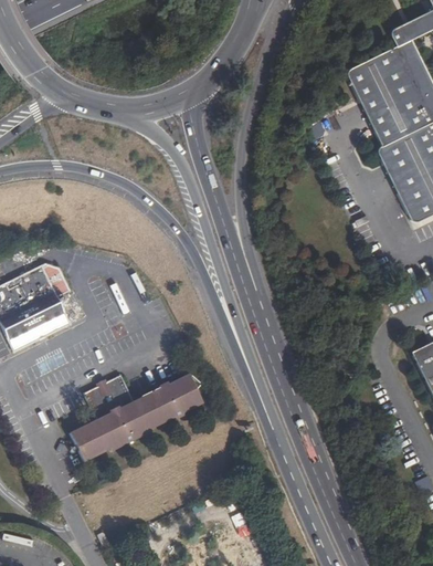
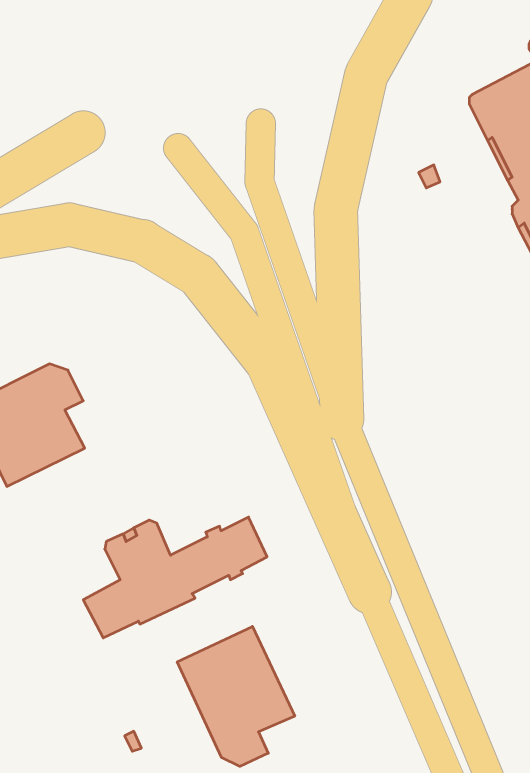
building: none -> [177,626,295,766]

